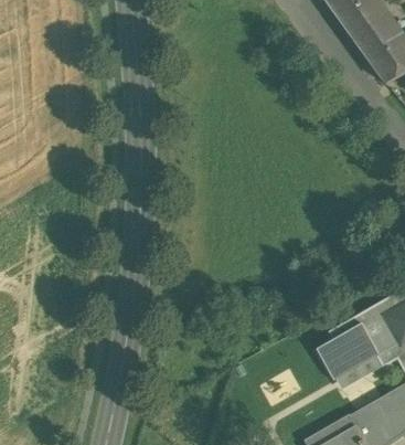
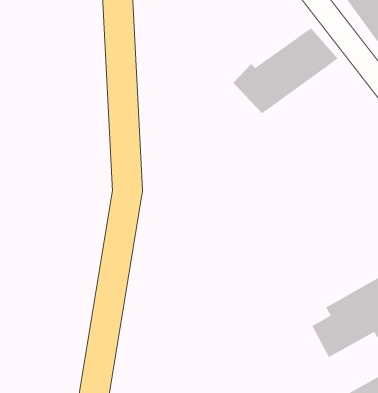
building: none -> [232,28,338,114]

